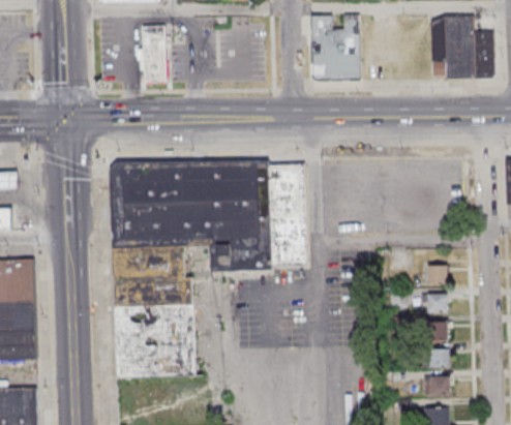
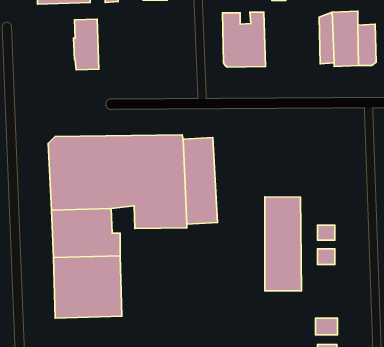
building: none -> [265,197,301,291]
building: [425,322,449,339] -> none
building: [423,350,449,366] -> none

